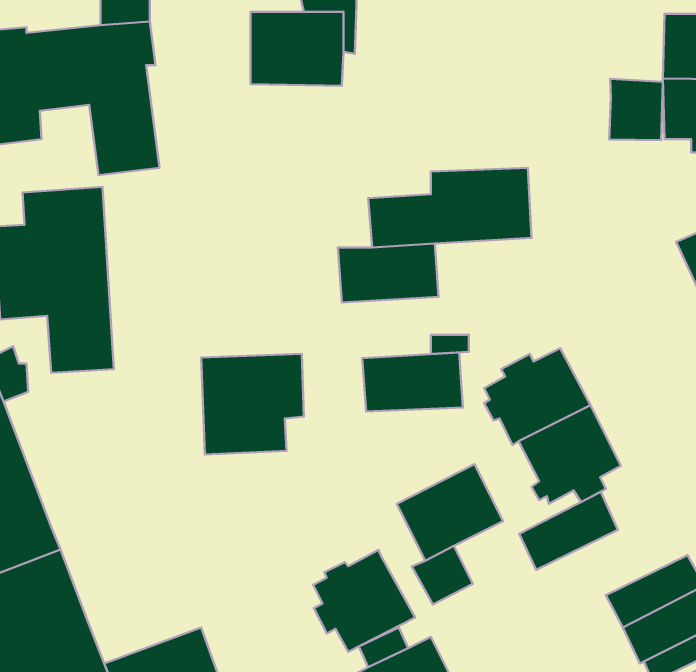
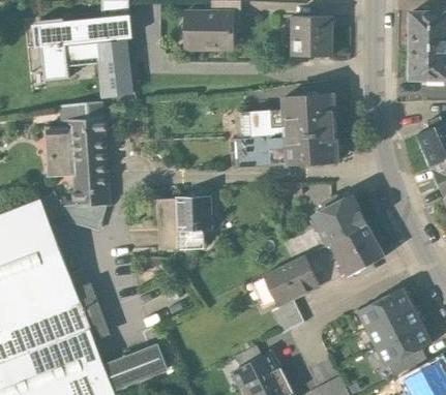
building: none -> [290,16,332,57]
building: [609,79,663,140] -> none
building: [362,352,463,411] -> [283,132,337,164]
building: [519,492,618,570] -> [366,284,420,327]
building: none -> [73,283,110,340]
building: [313,550,415,652] -> none

